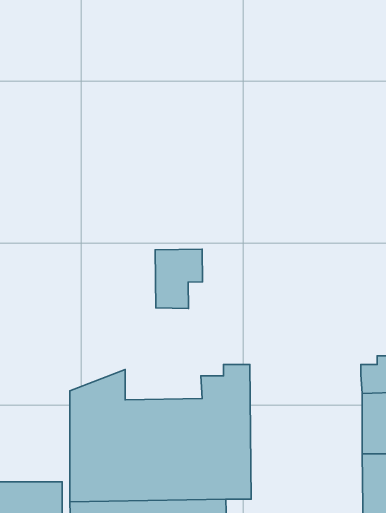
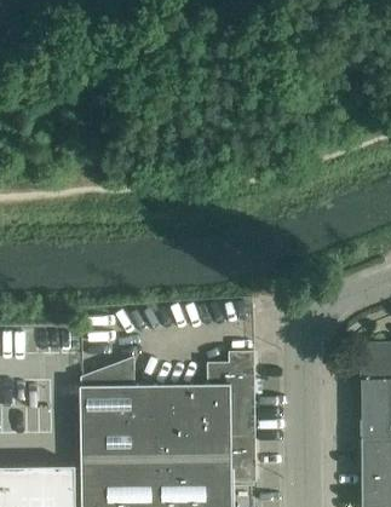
building: [155,249,203,309] -> none

